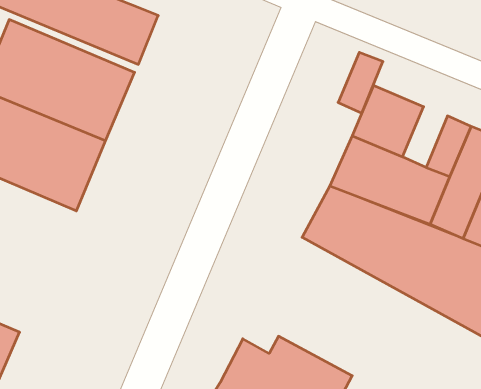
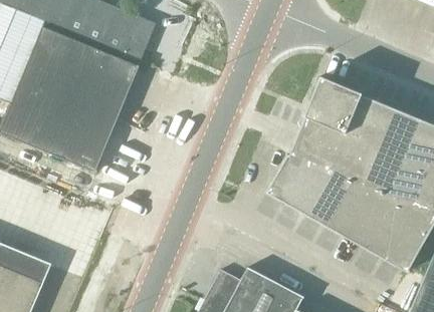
building: [338,52,383,113] -> [342,93,376,139]

